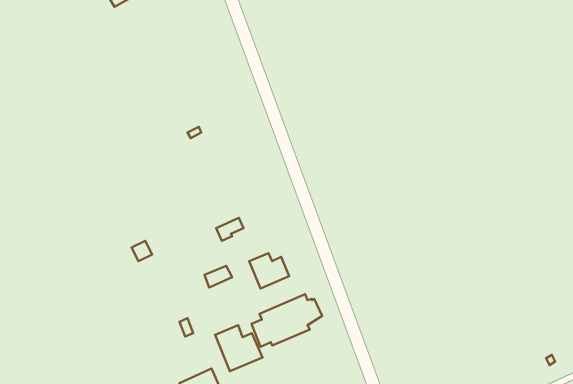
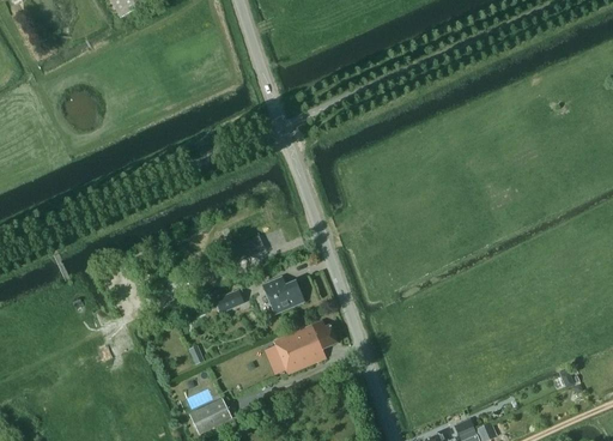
building: [215,325,262,371] -> none

